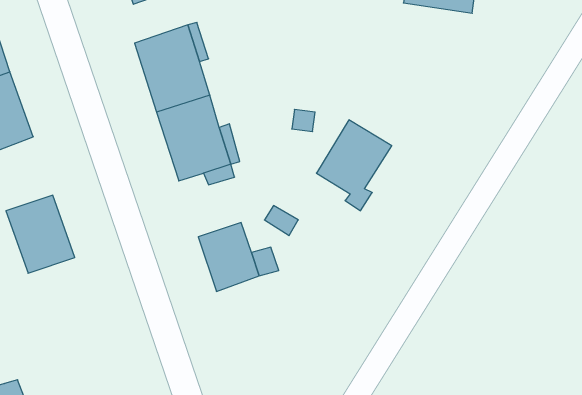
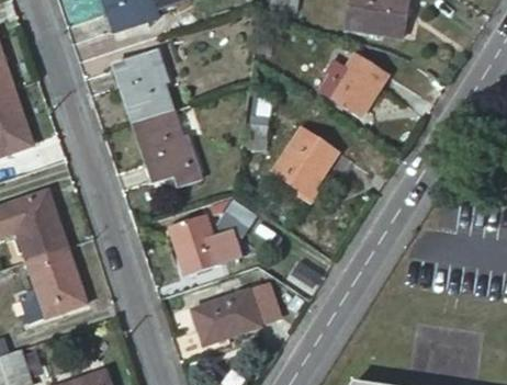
building: none -> [317,55,385,116]
building: none -> [19,246,87,324]
building: none -> [192,283,280,344]

